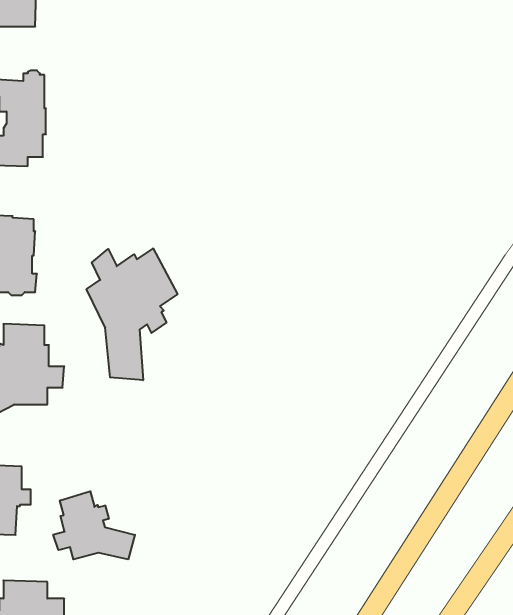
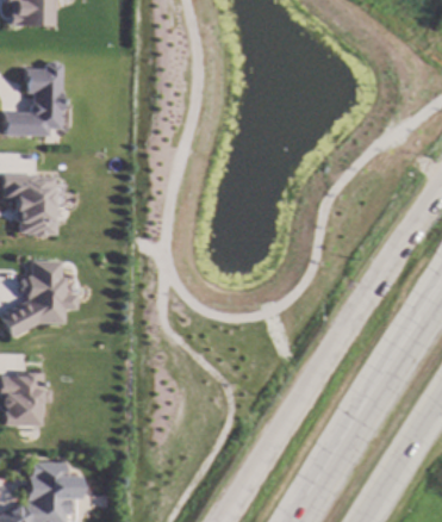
building: [87,248,177,380] -> none
building: [53,491,135,559] -> none

